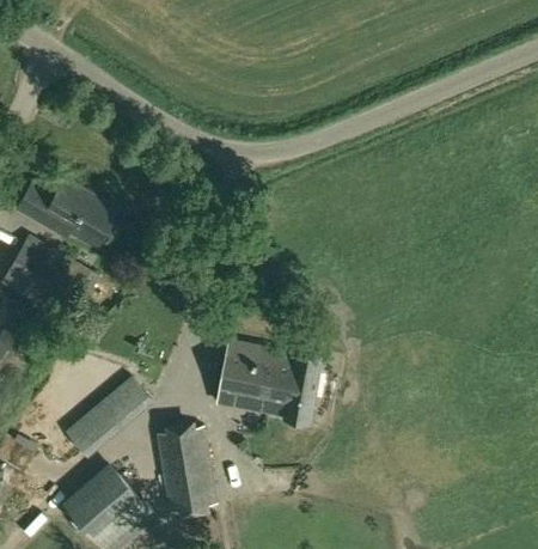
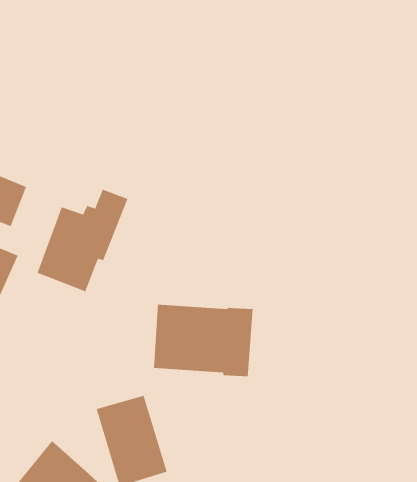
building: none -> [37,189,128,292]
building: [67,382,149,456] -> none

